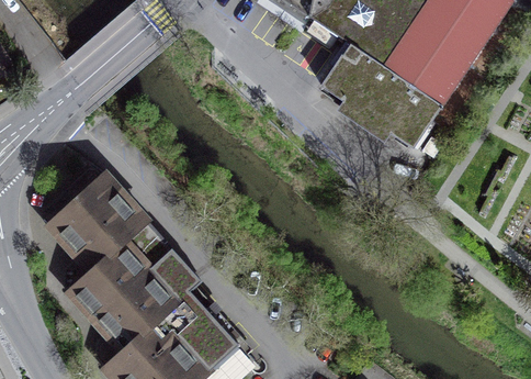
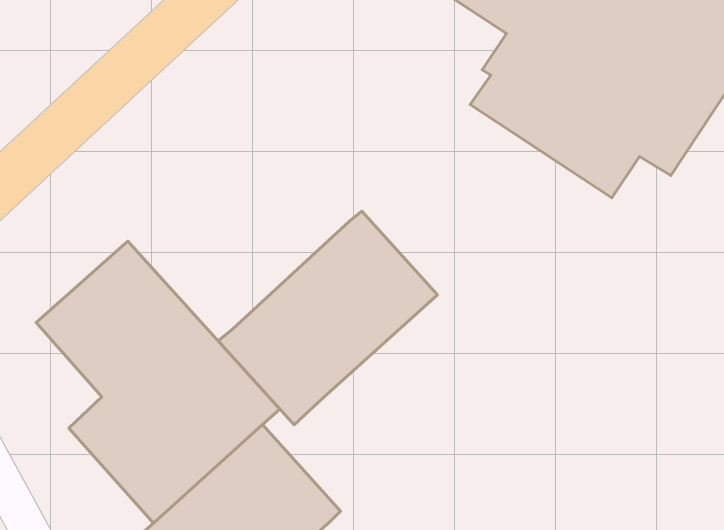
building: none -> [218,211,437,425]

